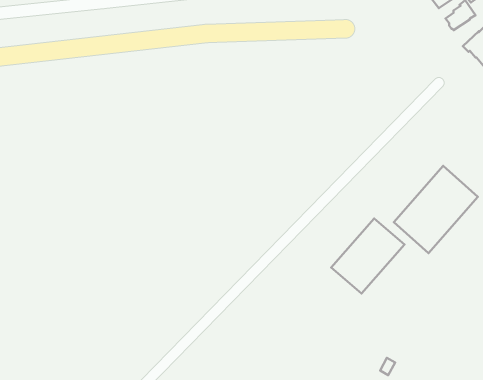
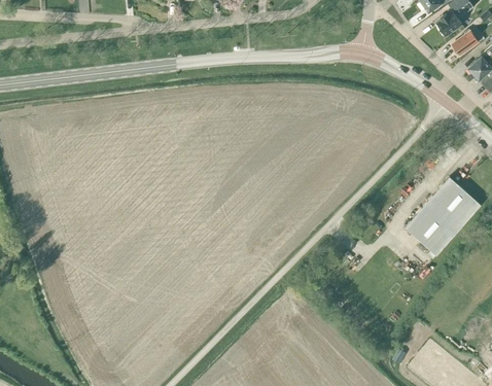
building: [331,218,405,293] -> none

